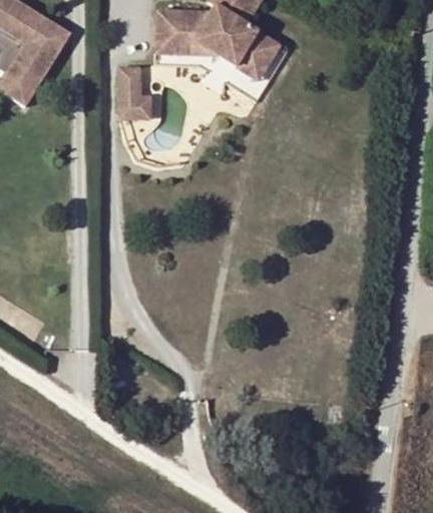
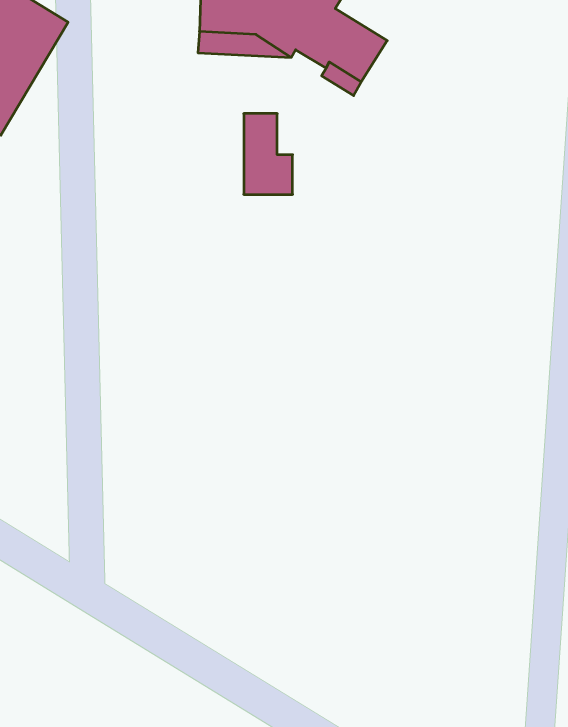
building: [119,63,151,116] -> [244,114,293,194]

